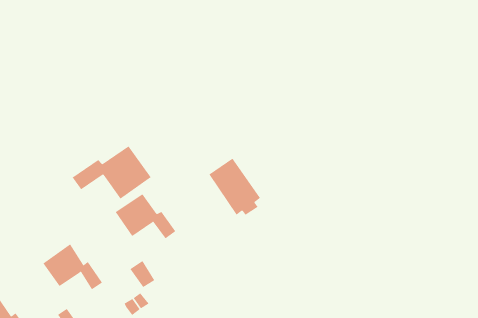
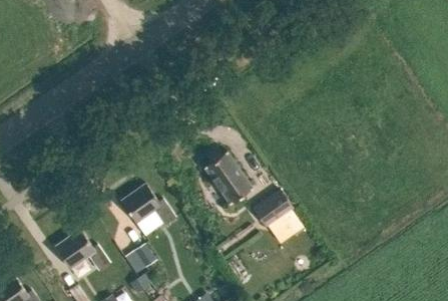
building: [72,146,152,200] -> none
building: none -> [254,190,293,227]

